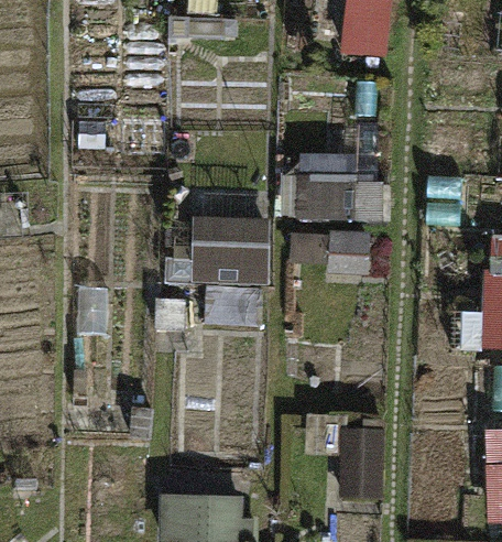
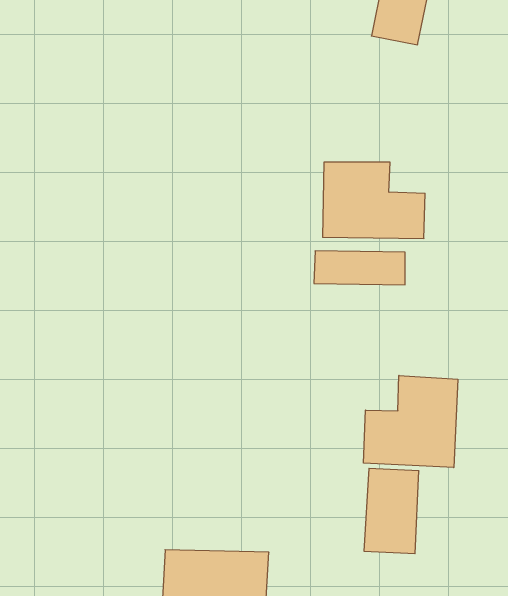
building: [195,216,270,326] -> none
building: none -> [364,375,458,468]

